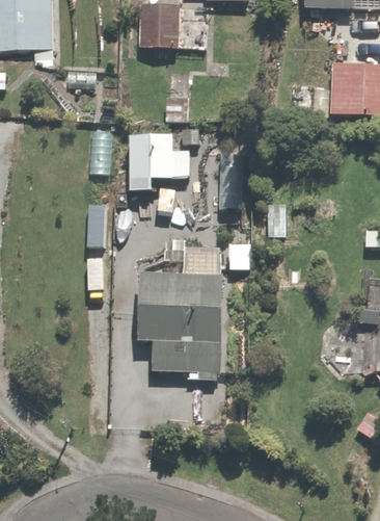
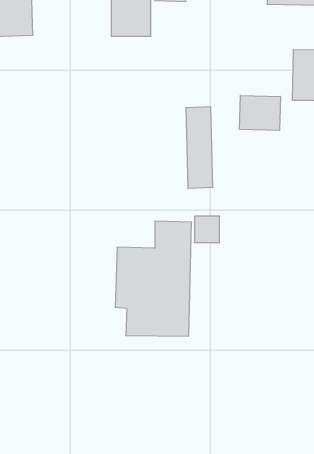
building: none -> [239,95,280,131]
building: [128,131,190,192] -> none

